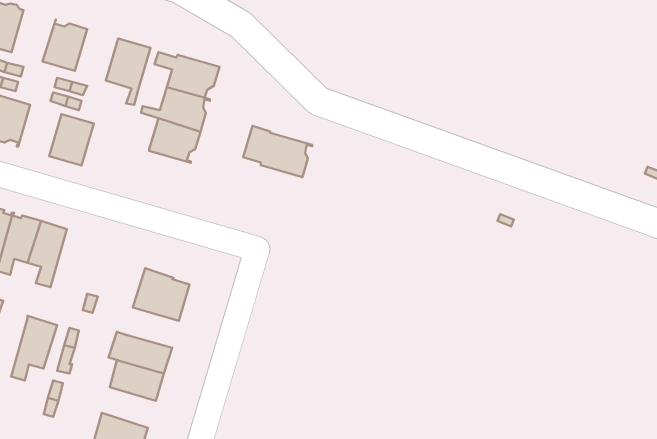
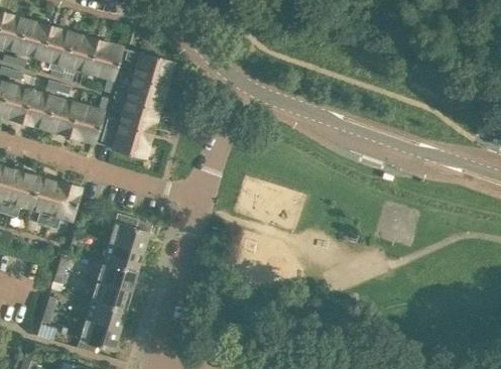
building: none -> [17,19,50,57]
building: none -> [65,32,97,72]
building: none -> [22,90,54,128]
building: none -> [70,98,106,142]
building: [243,126,312,177] -> [100,119,151,157]
building: none -> [102,241,142,271]
building: [11,316,57,381] -> [46,180,81,229]
building: none -> [85,300,125,331]

